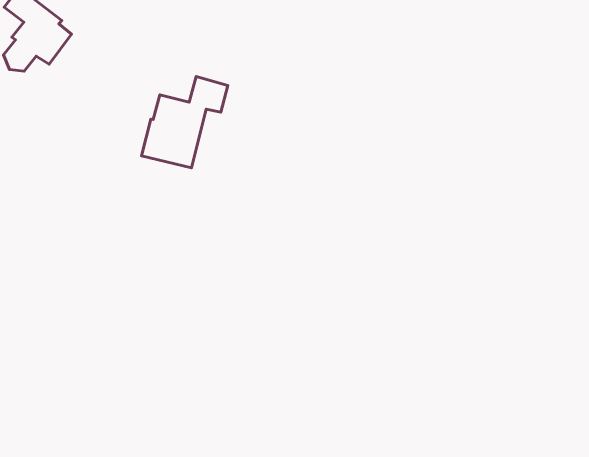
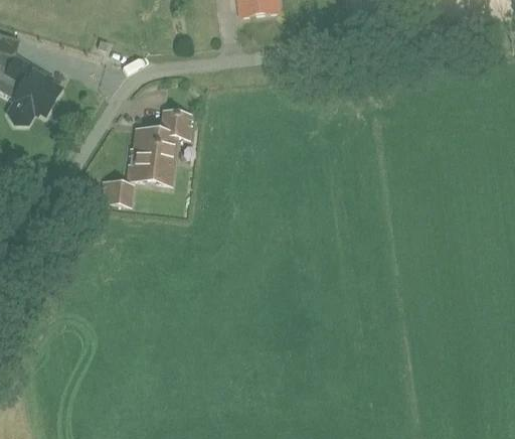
building: none -> [102,182,131,205]

